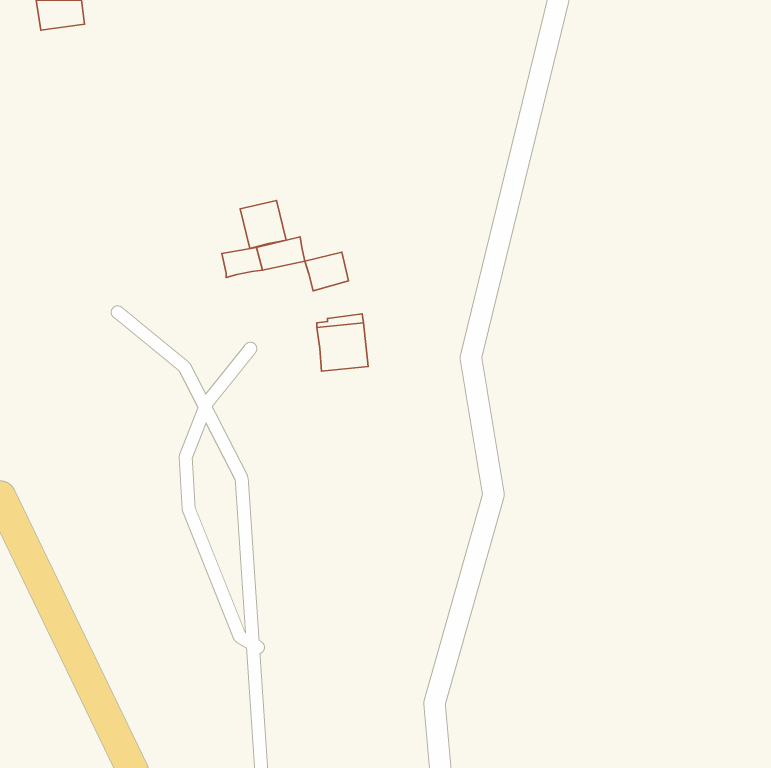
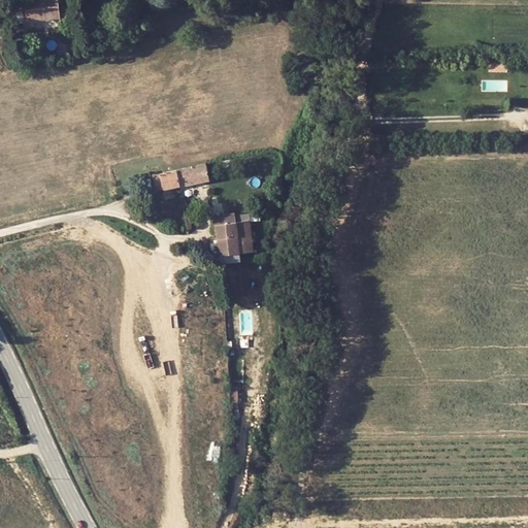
building: [240,200,286,249] -> none
building: [305,252,348,291] -> none

